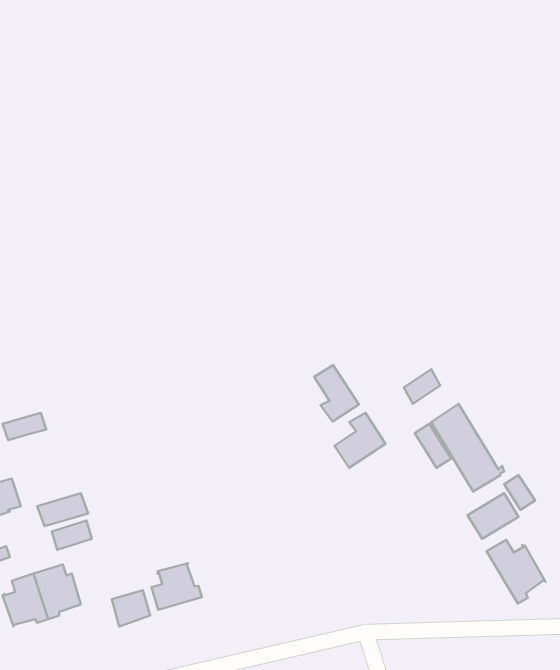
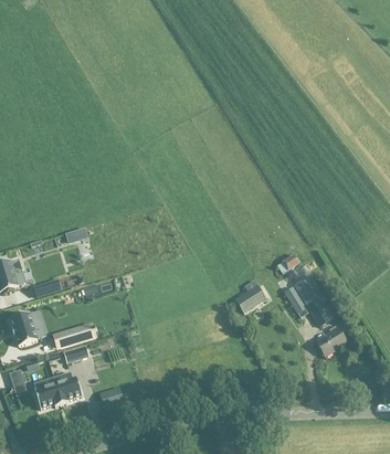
building: [314,365,359,422] -> none
building: [487,540,545,604] -> none
building: [152,563,202,610] -> none

